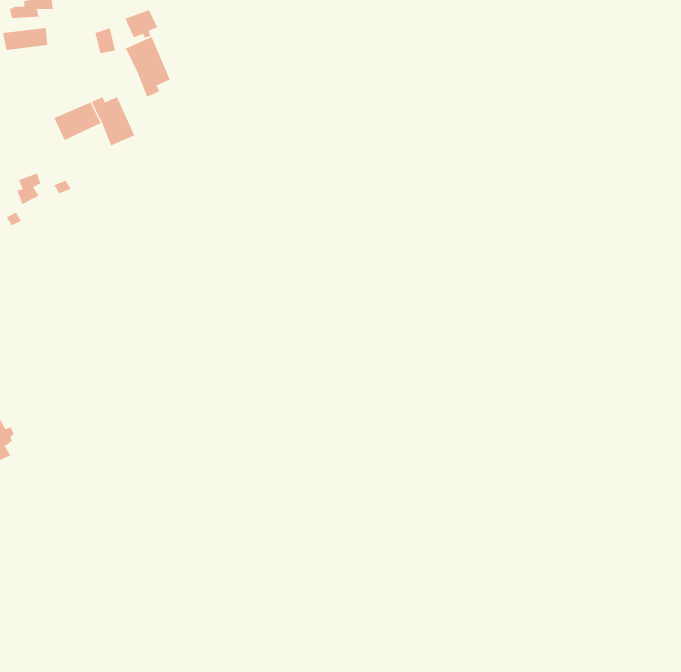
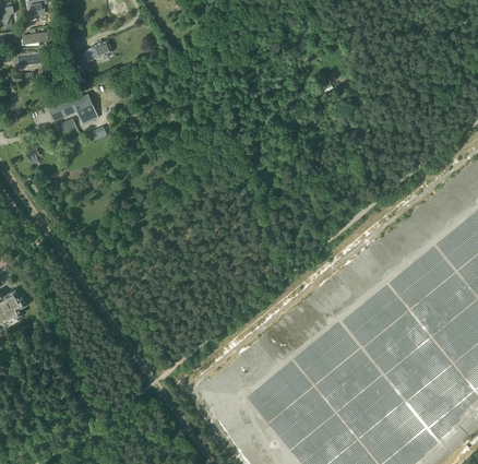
building: [125,36,170,97] -> none

